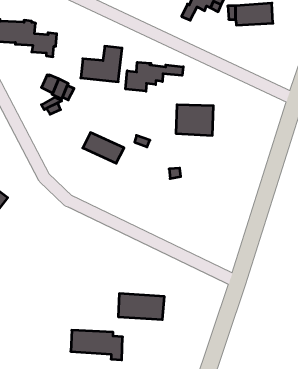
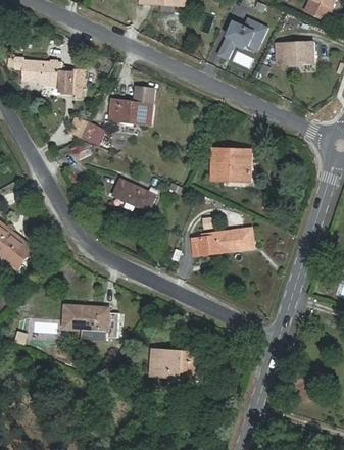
building: [126,62,183,91] -> none
building: none -> [190,228,252,255]
building: [71,330,123,360] -> [62,306,117,338]

